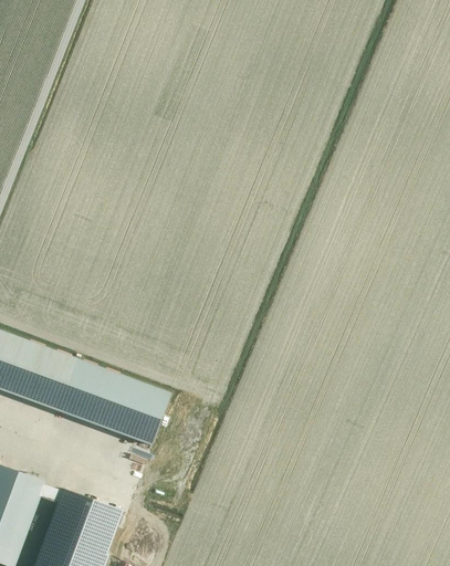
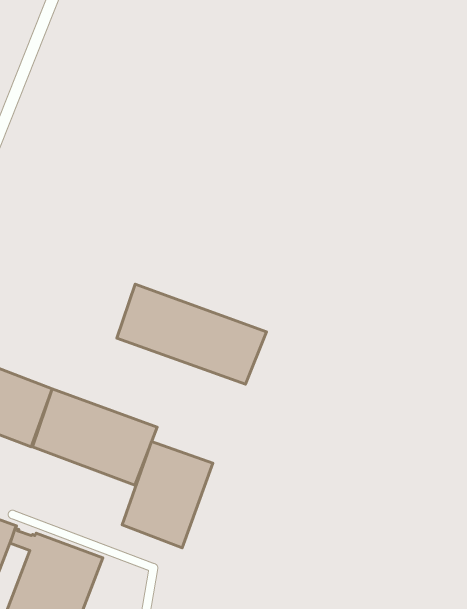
building: none -> [117,284,266,384]
building: none -> [122,442,213,548]

